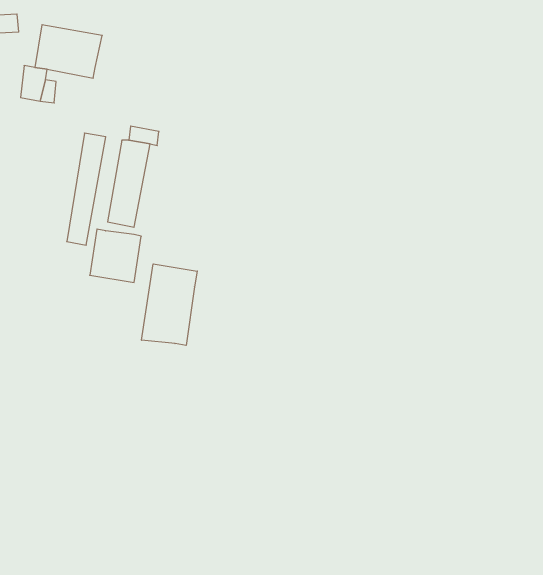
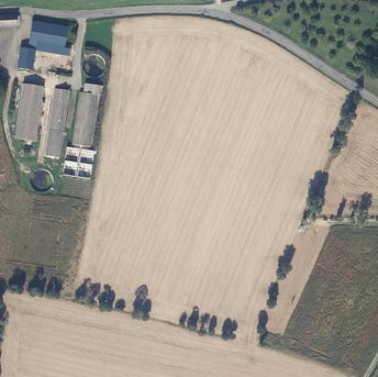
building: none -> [13,82,43,141]
building: [142,264,197,345] -> none

